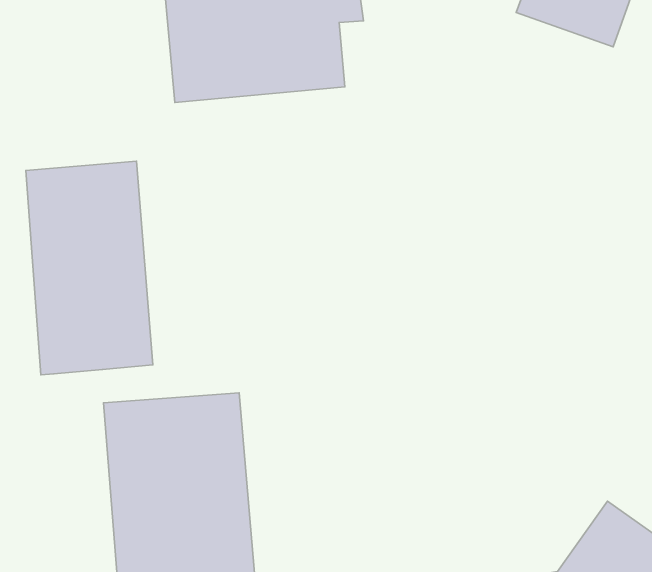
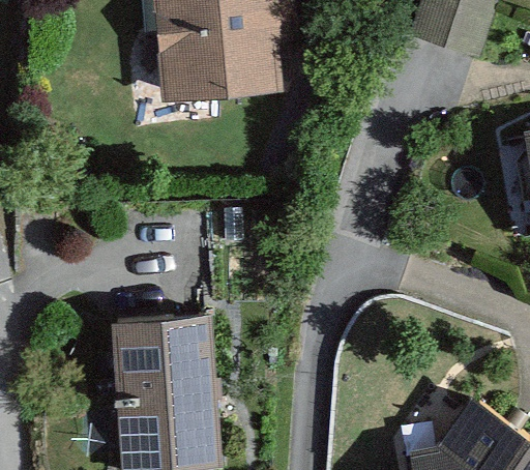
building: [26,161,153,375] -> none

